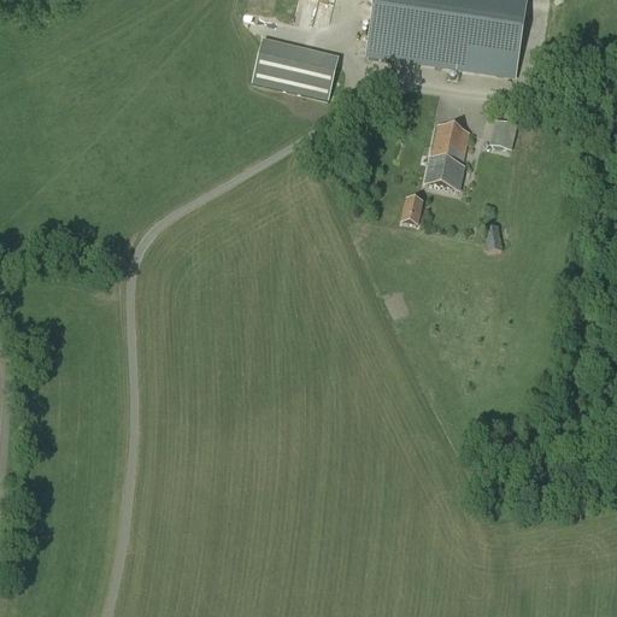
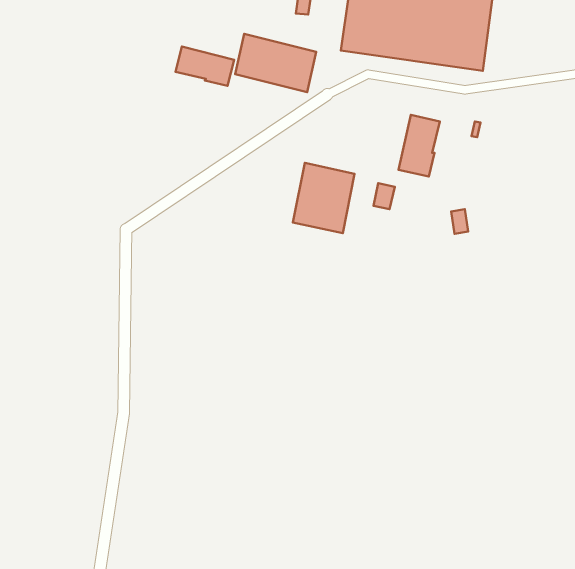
building: none -> [176,47,234,86]
building: none -> [293,163,355,233]

